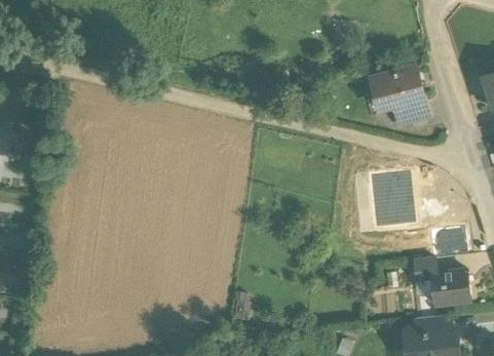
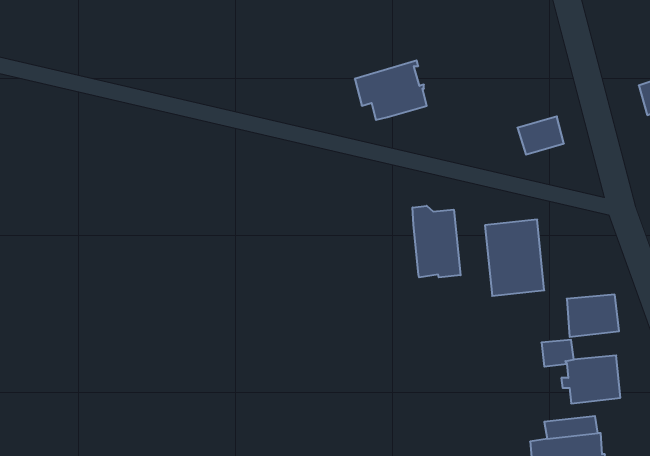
building: [371,65,423,108] -> [355,60,427,120]
building: none -> [413,206,461,277]

